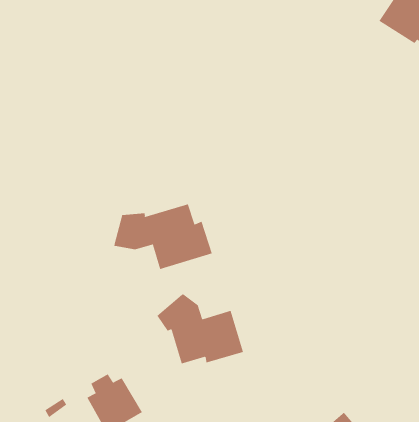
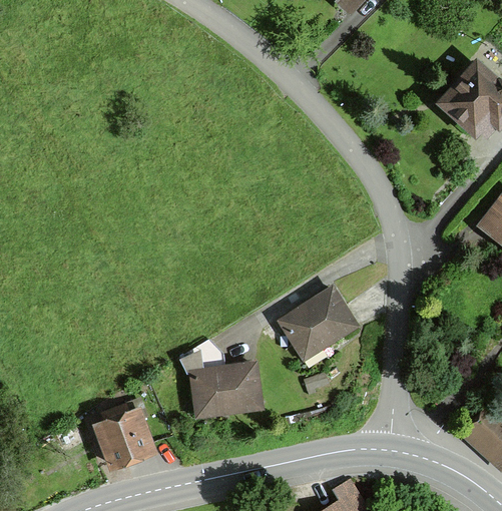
building: [113,203,212,270] -> none
building: none -> [280,290,354,354]

